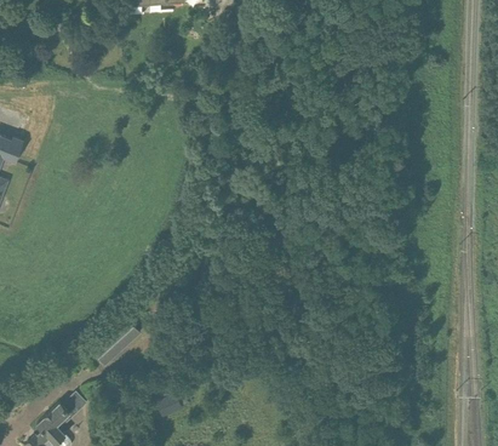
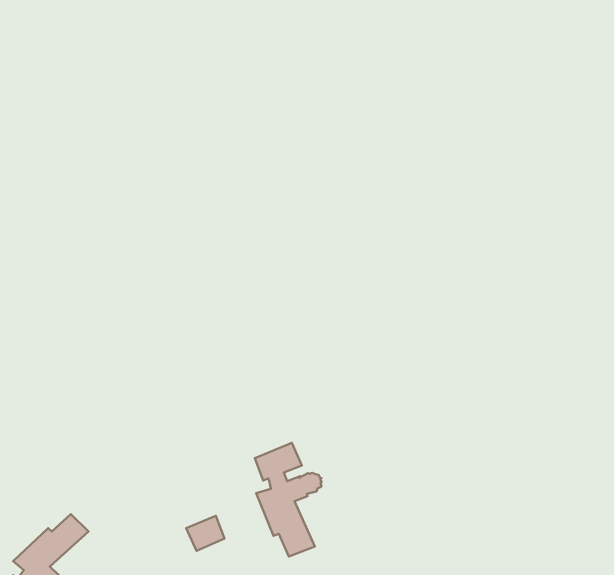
building: none -> [255,443,321,556]

